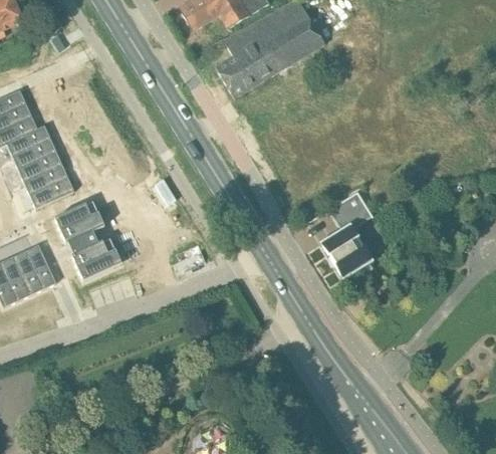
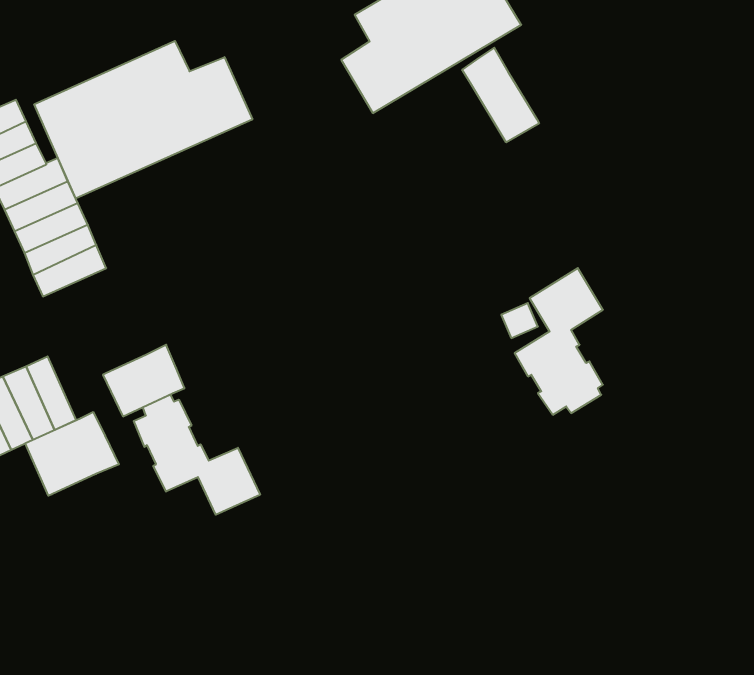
building: none -> [34,41,252,199]
building: none -> [462,48,539,142]
building: [54,200,103,243] -> none
building: none -> [134,395,260,515]
building: none -> [25,412,119,496]

